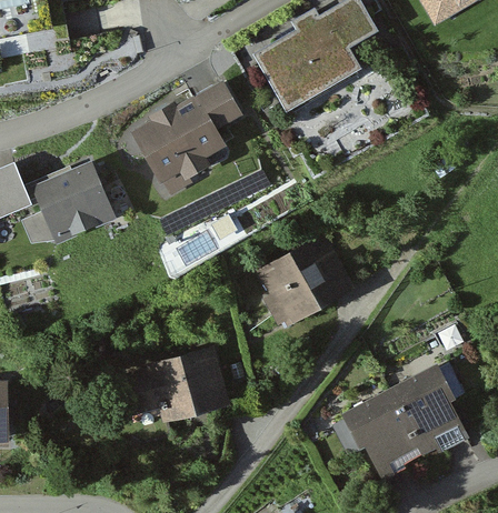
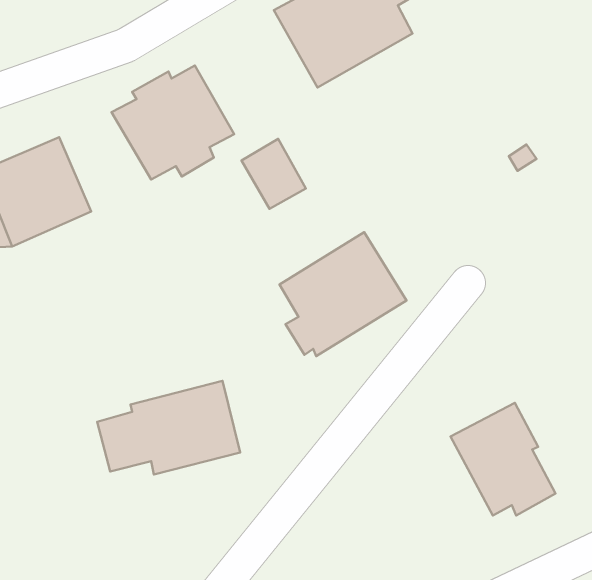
building: [193,83,242,137] -> [242,139,306,209]
building: [330,382,420,473] -> none

